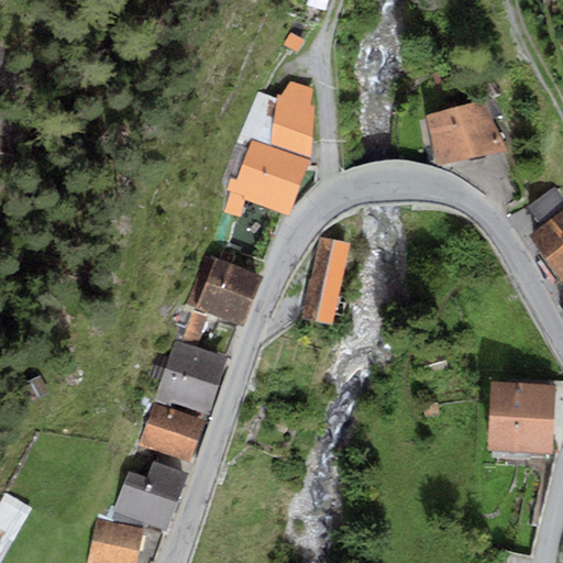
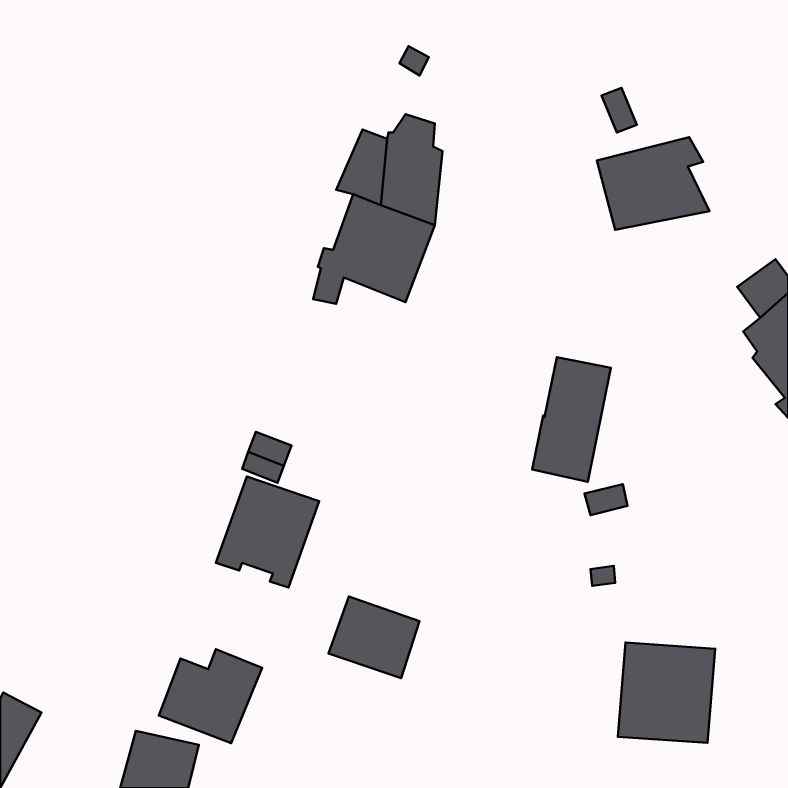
building: [301,236,357,325] -> [532,357,611,482]
building: [186,250,263,324] -> none
building: [486,380,555,452] -> [618,643,715,743]
building: [140,404,205,462] -> [329,596,420,678]

